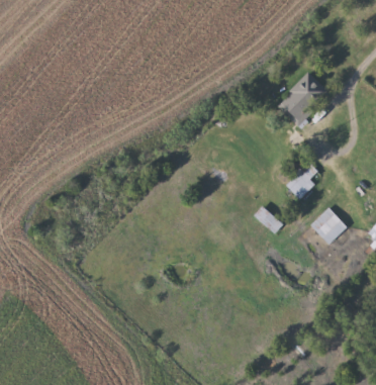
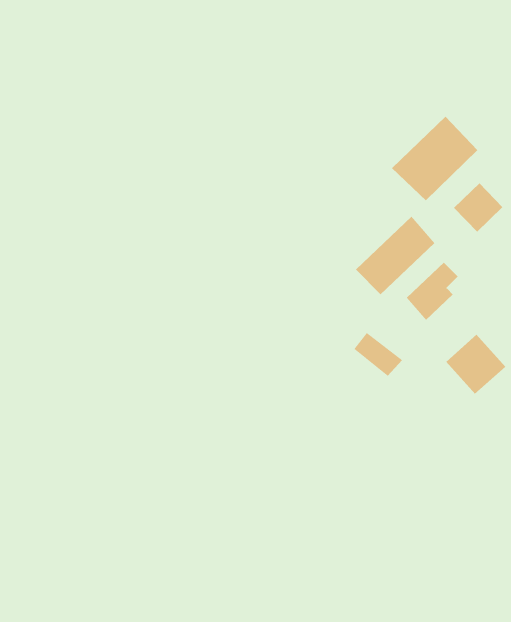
building: none -> [453,182,503,233]
building: none -> [355,216,435,295]

